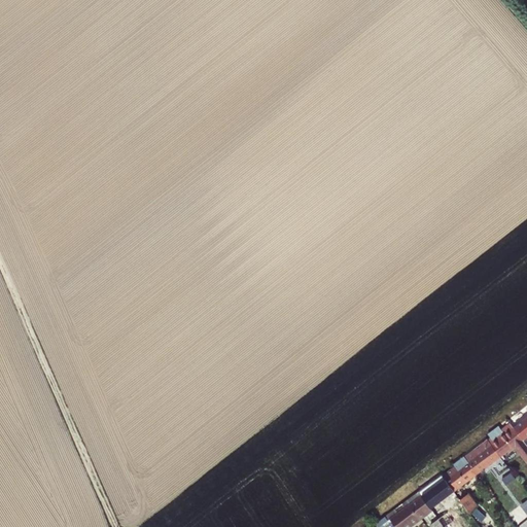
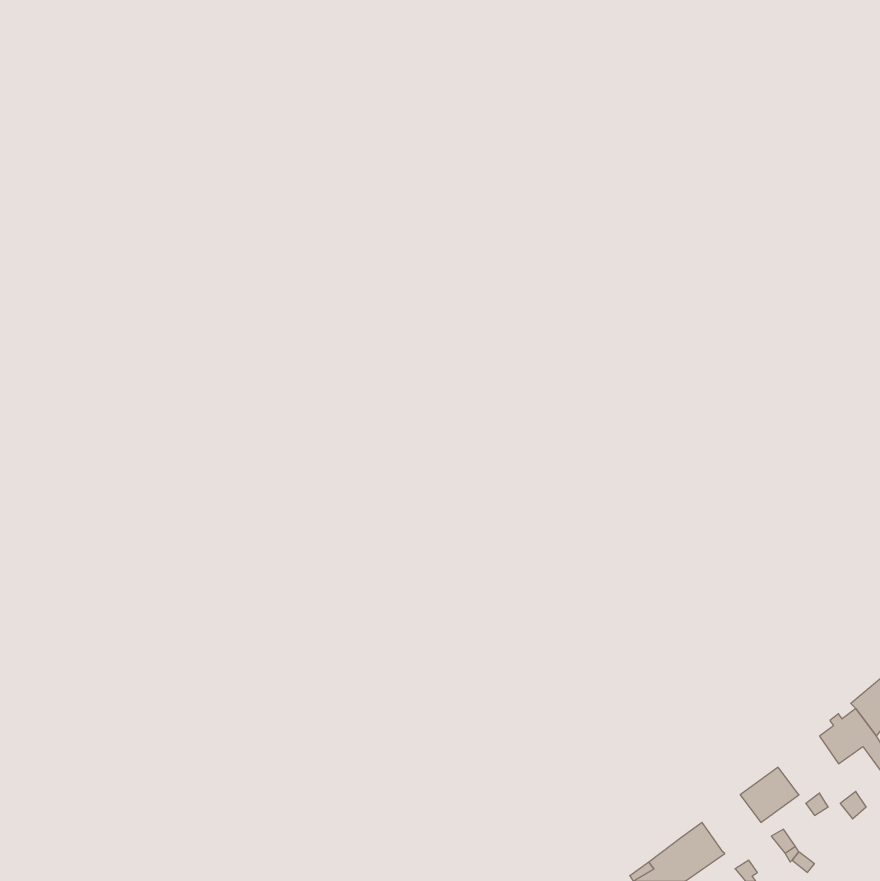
building: [465,440,501,475] -> none
building: [420,475,455,508] -> none

